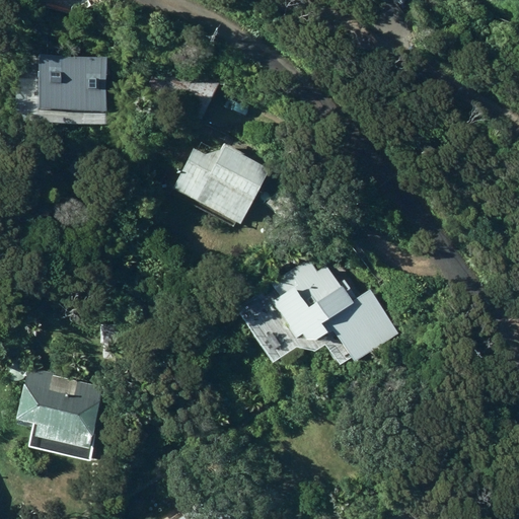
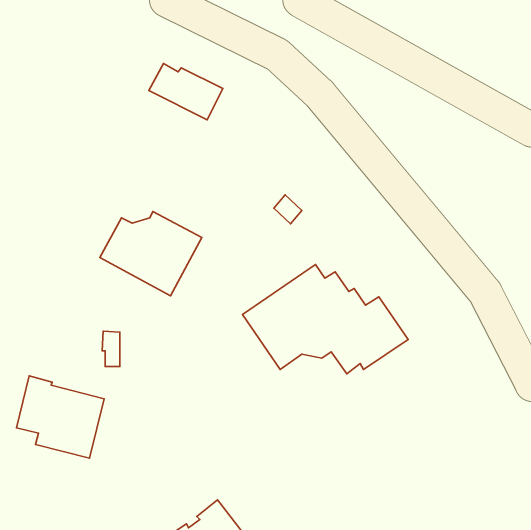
building: [34,54,104,114] -> none
building: [172,144,272,226] -> [100,212,202,296]

